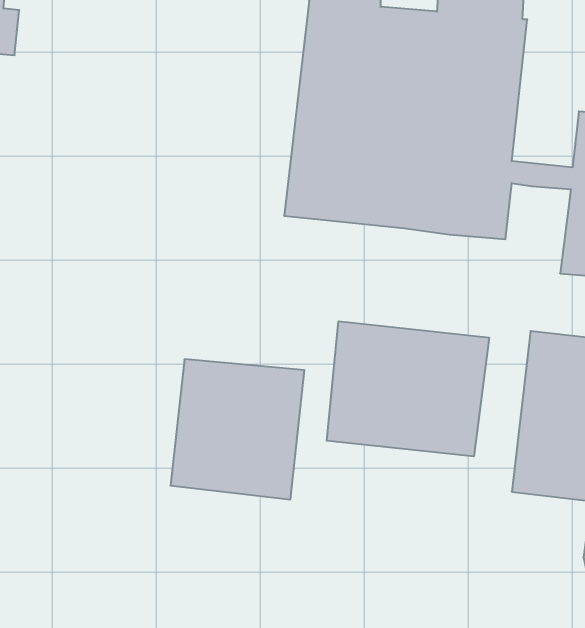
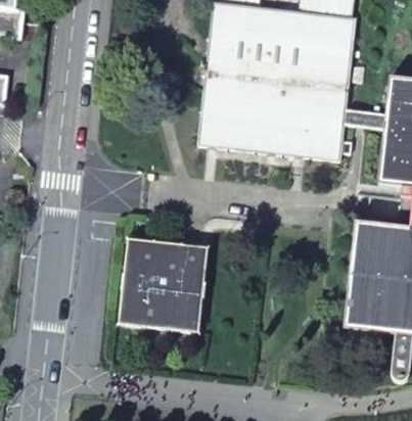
building: [327,321,489,456] -> none

